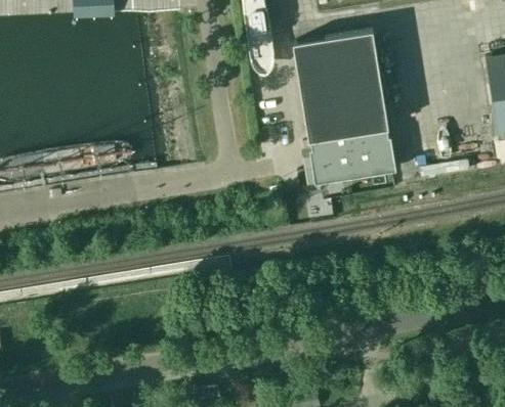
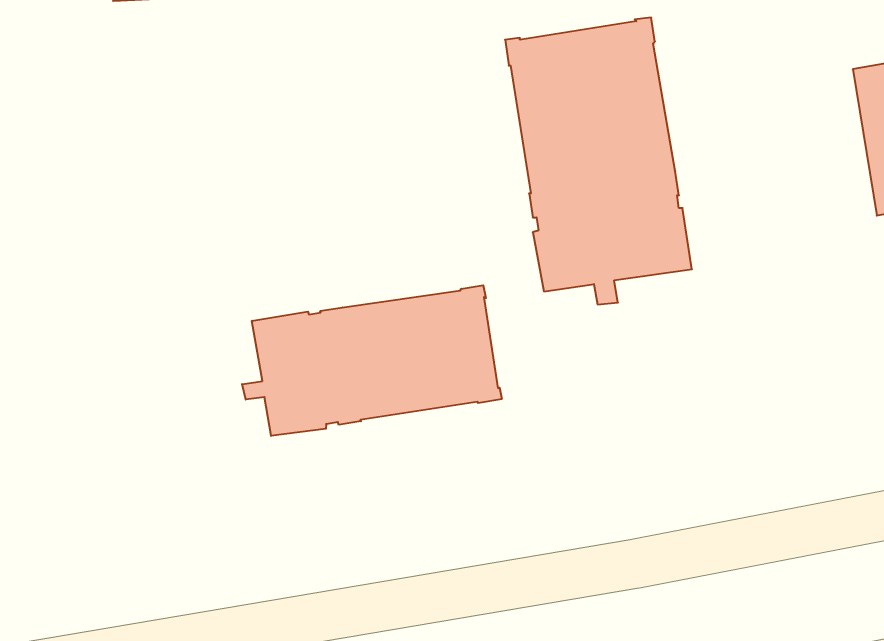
building: none -> [242,285,502,436]

